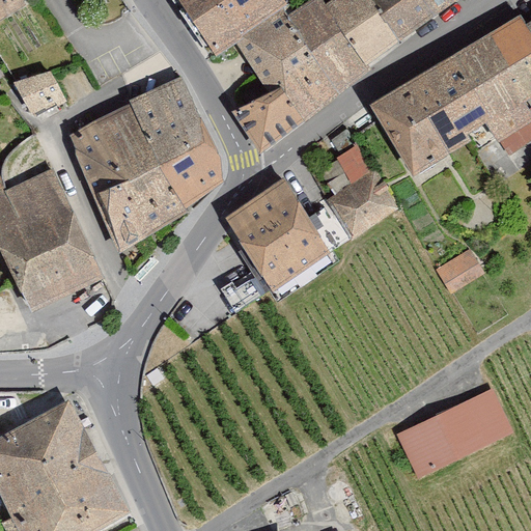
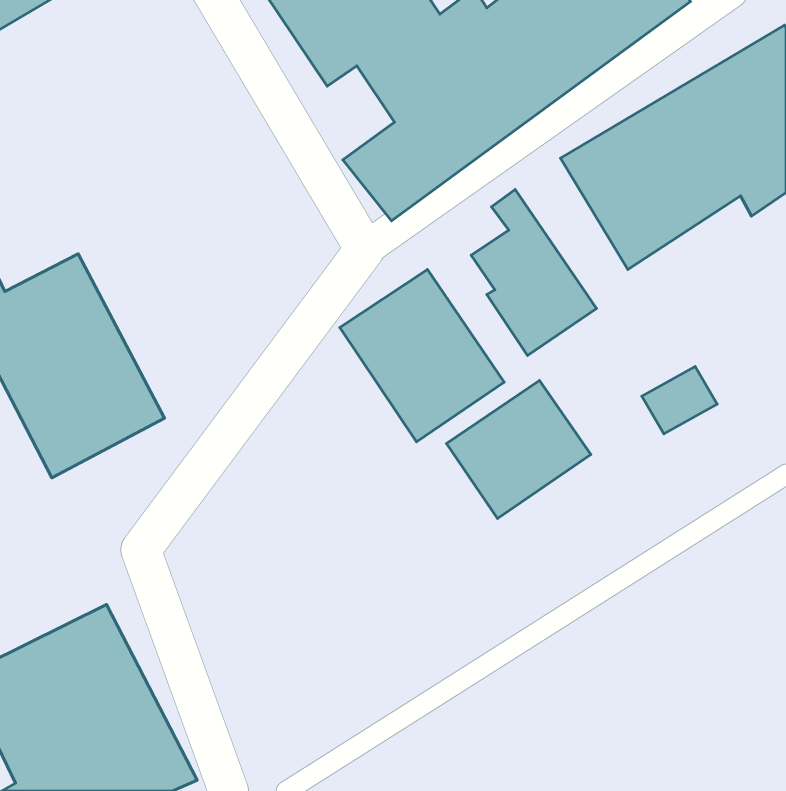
building: [10,69,62,118] -> none
building: [67,78,219,253] -> none
building: none -> [447,381,591,519]
building: [392,387,509,477] -> none

